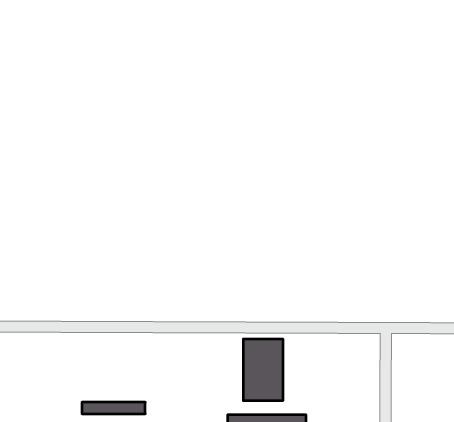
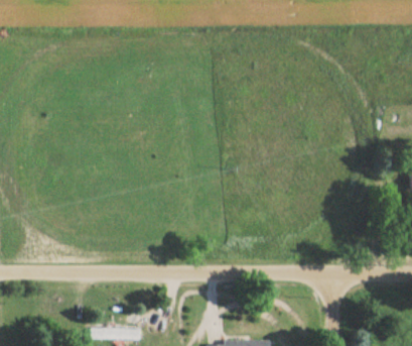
building: [243,339,283,401] -> none

